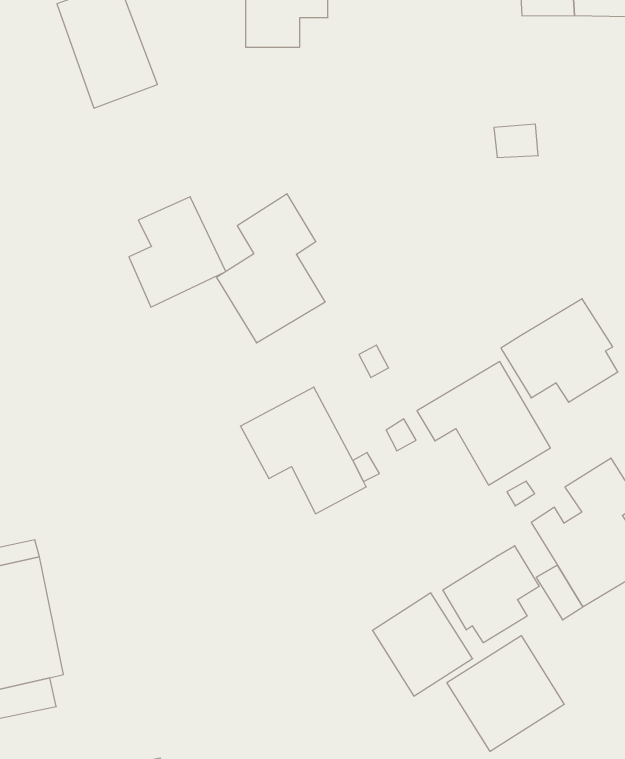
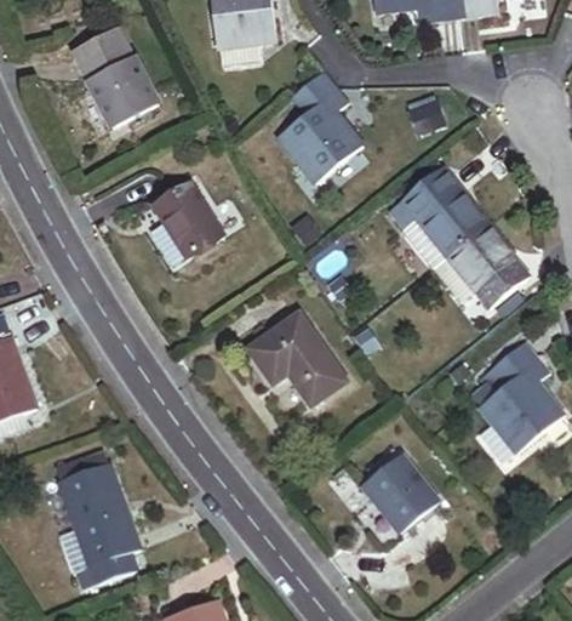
building: [216,194,325,343] -> [279,68,361,181]
building: [417,362,550,485] -> [387,165,488,257]
building: [443,546,539,643] -> none
building: [447,636,564,751] -> none

